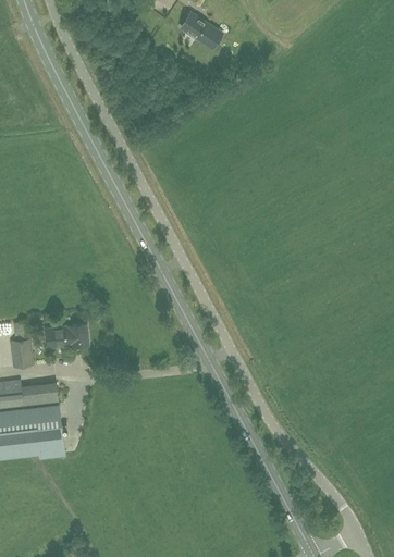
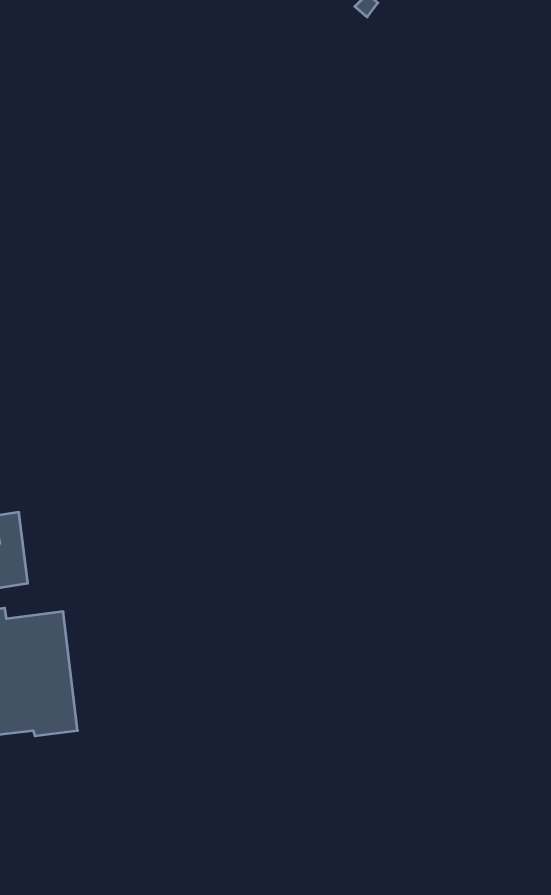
building: [181,12,216,44] -> none
building: [46,323,88,348] -> none

